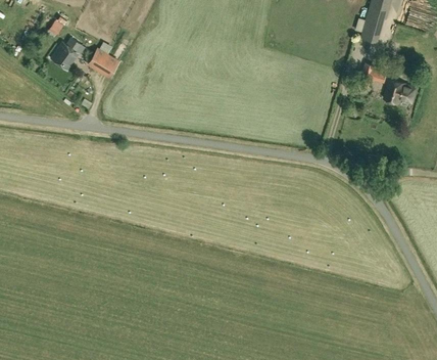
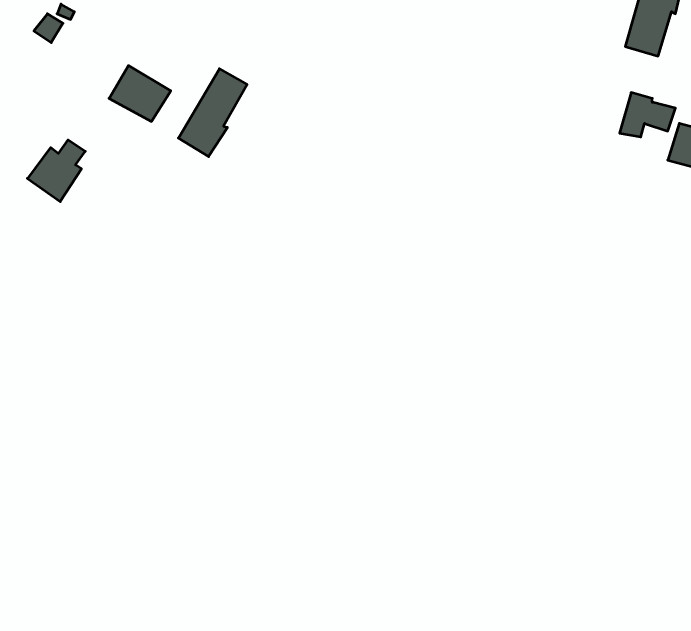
building: [50,38,81,71] -> [27,140,85,202]
building: none -> [178,69,247,157]

